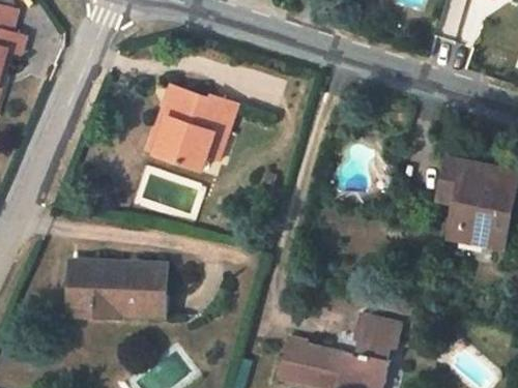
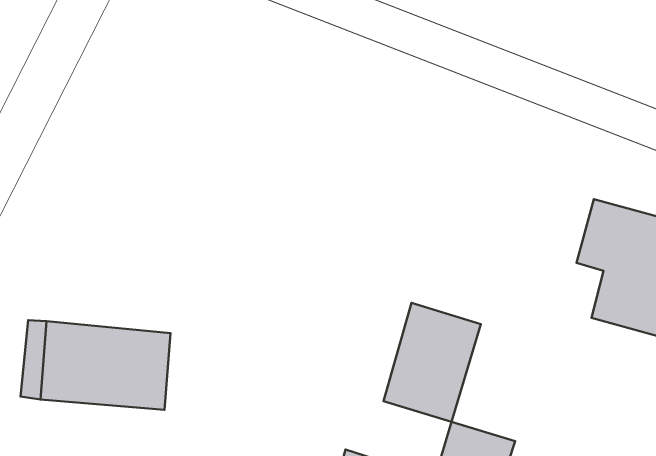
building: [154,85,236,170] -> none
building: none -> [383,303,481,422]

